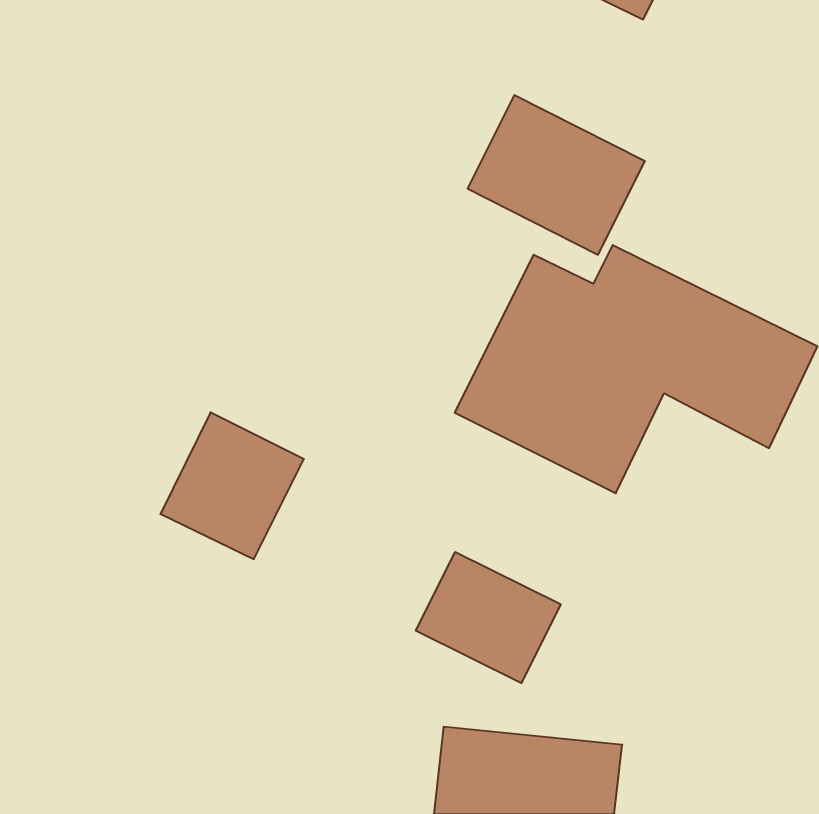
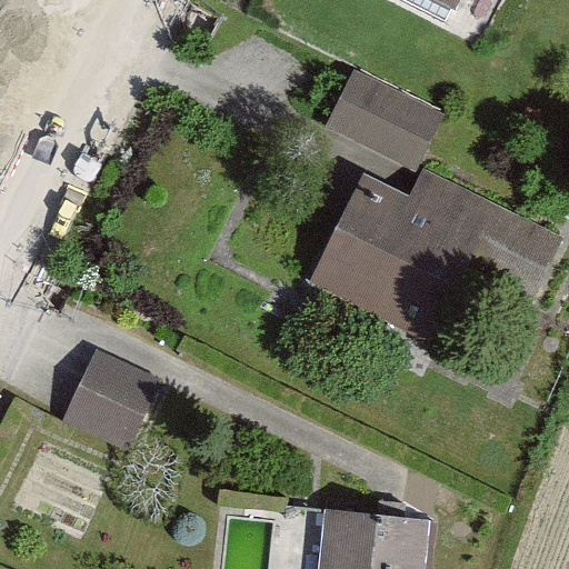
building: [160,412,304,559] -> [58,355,157,456]
building: [416,552,561,683] -> none

